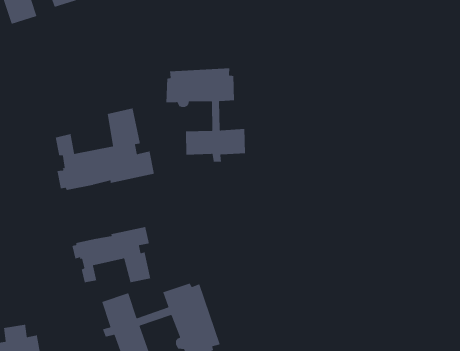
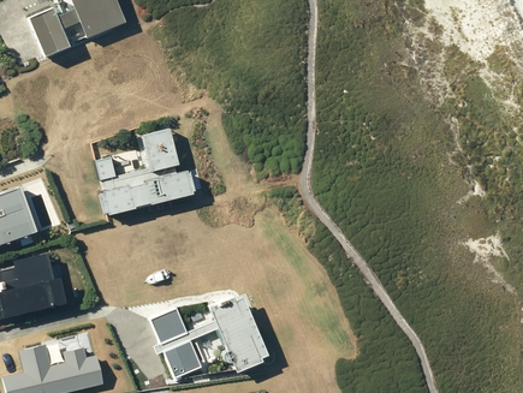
building: [166,68,246,162] -> none
building: [72,226,151,283] -> none

